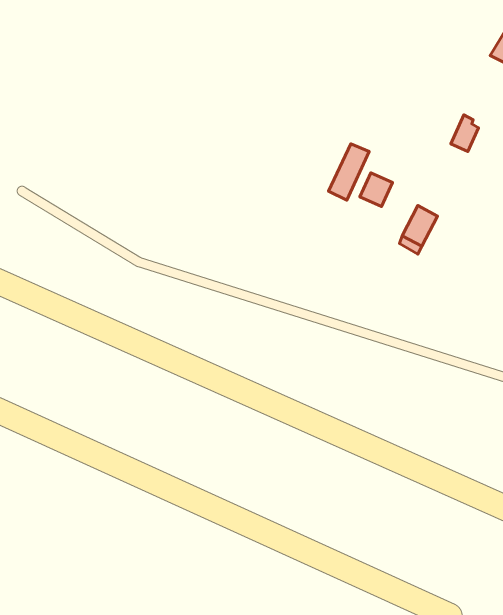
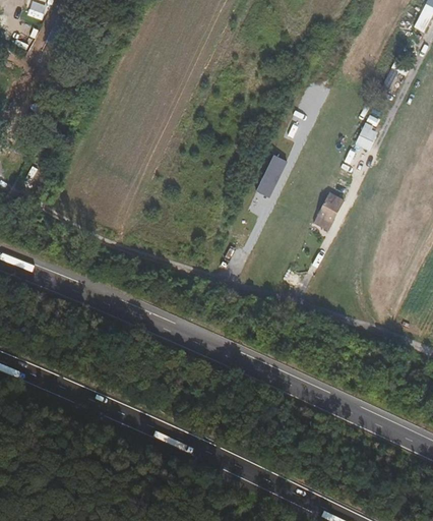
building: [360,173,393,207] -> none

